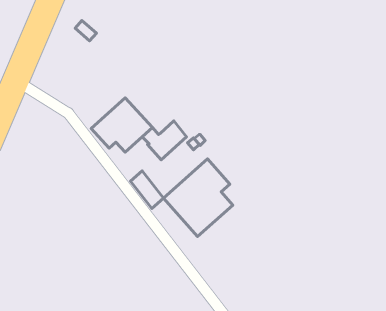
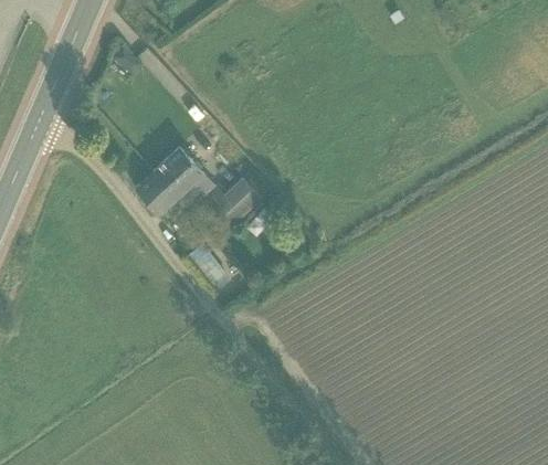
building: [164,159,233,237] -> none

